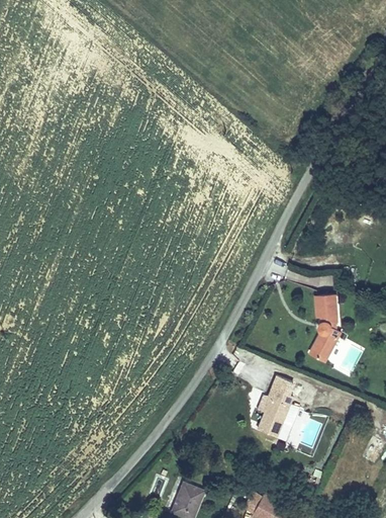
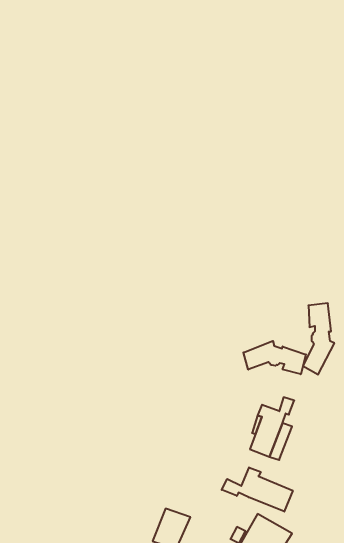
building: none -> [243,341,306,374]
building: none -> [222,467,293,512]

